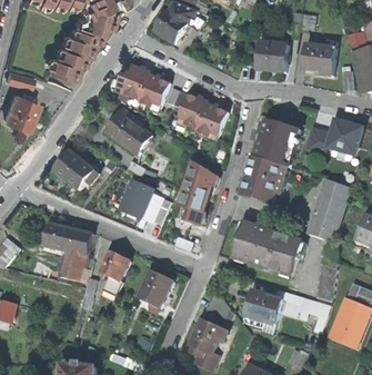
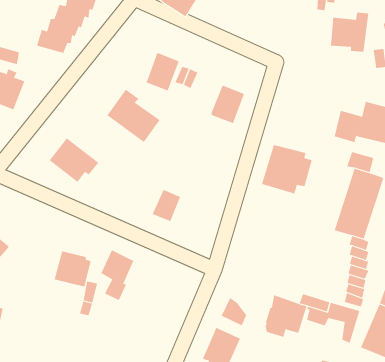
building: [259,38,290,73] -> none
building: [118,67,152,101] -> none
building: [179,96,210,130] -> none
building: [257,121,302,169] -> none
building: [182,162,218,227] -> none
building: [122,184,159,224] -> none
building: [234,224,305,278] -> none
building: [46,225,94,258] -> none
building: [140,272,175,310] -> none

